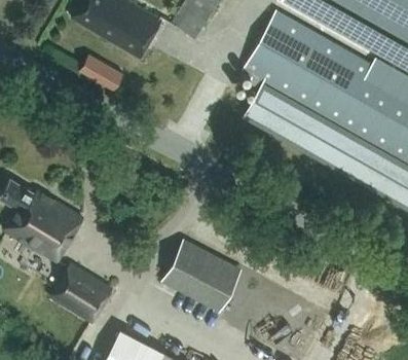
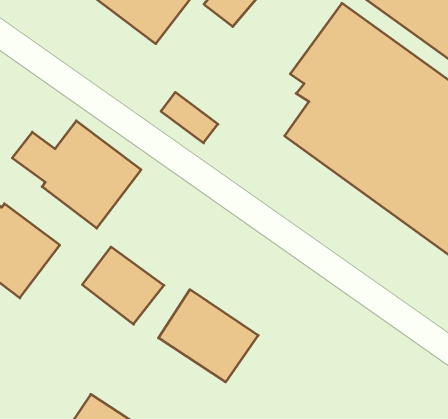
building: [79,56,123,92] -> [161,92,218,143]
building: none -> [12,121,141,228]
building: [51,265,113,322] -> [82,247,164,324]

